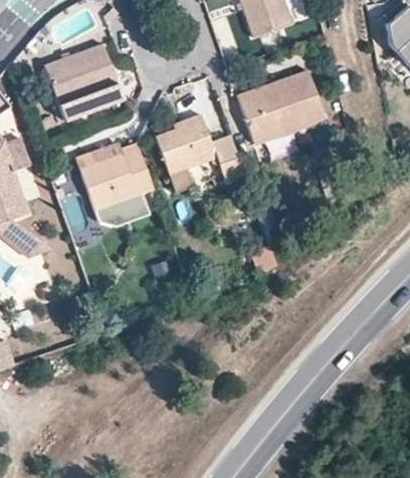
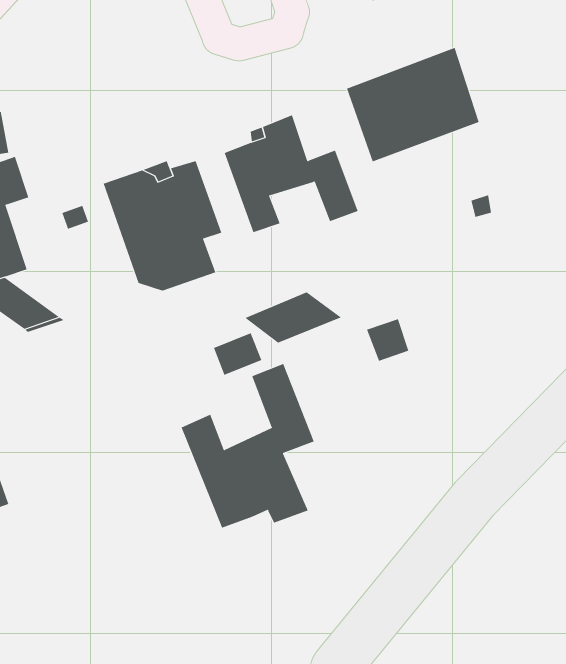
building: [44,45,122,120] -> none
building: none -> [244,291,342,343]
building: none -> [181,363,315,529]

